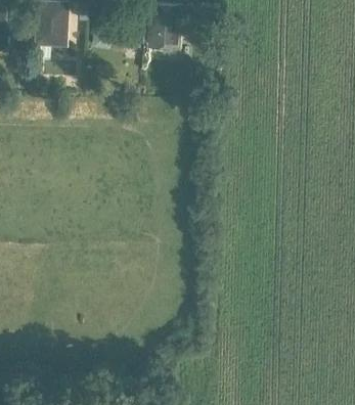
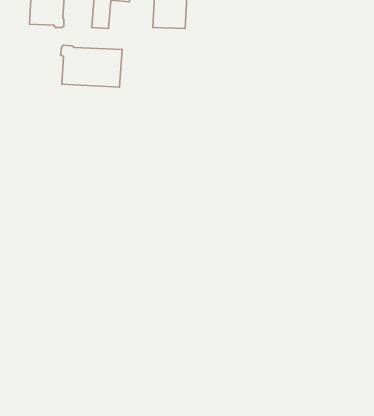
building: none -> [61,45,122,87]

